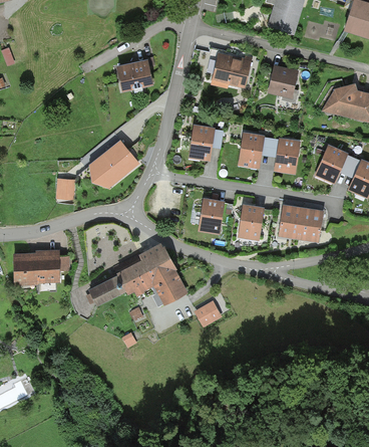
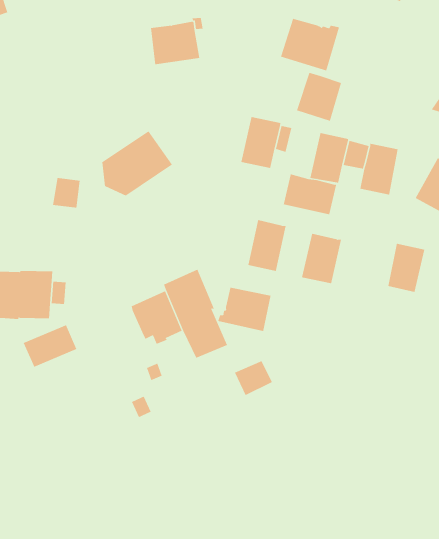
building: [267,65,298,99] -> [296,72,342,121]
building: none -> [283,174,337,215]
building: [278,206,303,240] -> none
building: none -> [217,287,271,332]
building: [87,270,126,302] -> [23,325,77,367]

